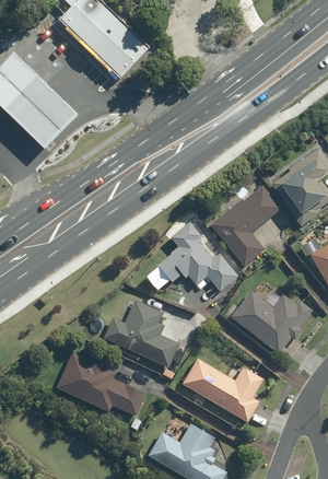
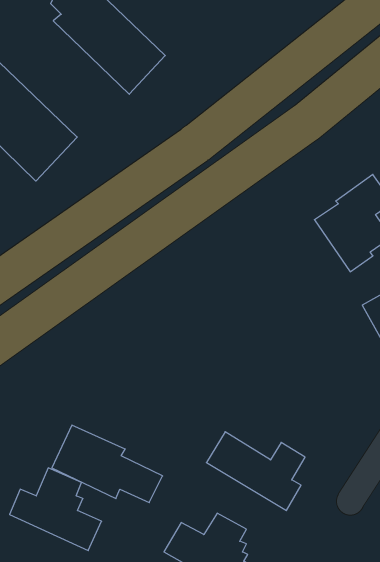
building: [210,185,281,266] -> none
building: [157,221,238,291] -> none
building: [231,291,313,353] -> none
building: [104,300,179,367] -> [10,468,102,551]

